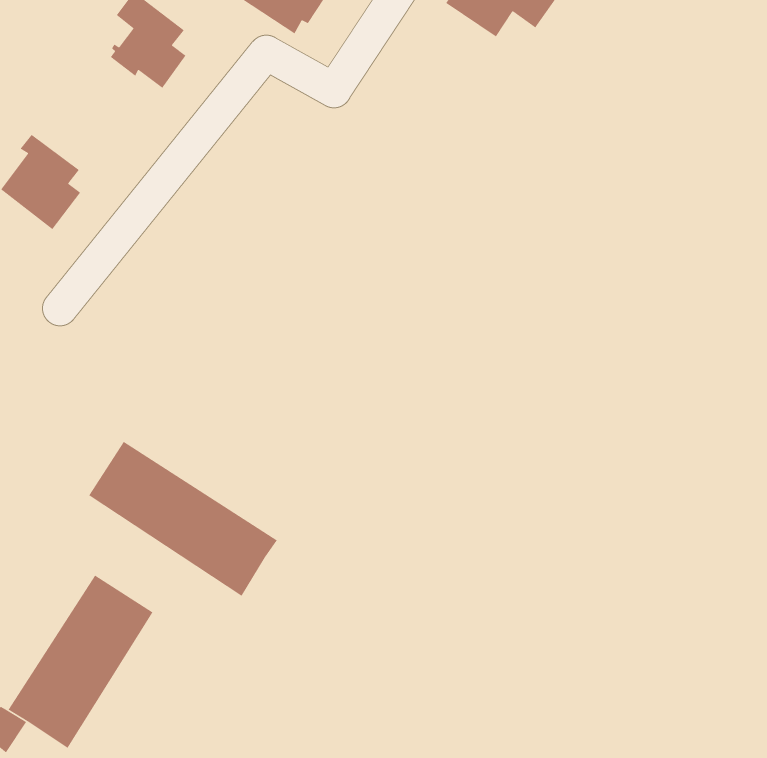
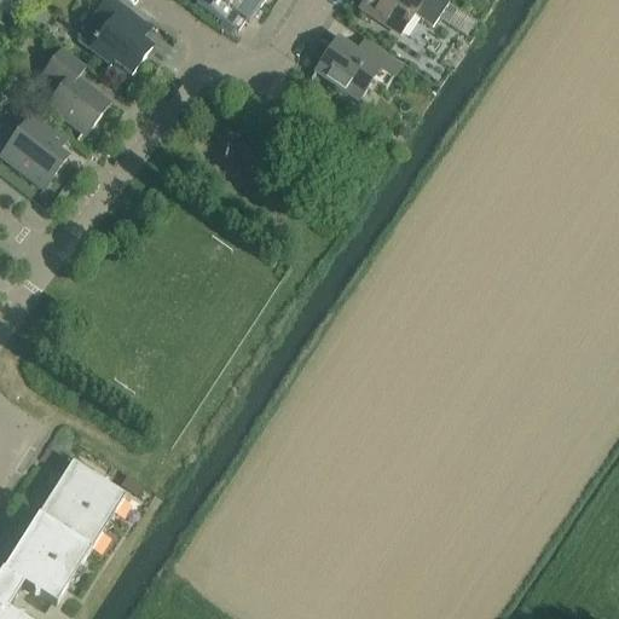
building: none -> [314,35,400,96]
building: none -> [41,46,108,128]
building: [88,441,278,597] -> none

